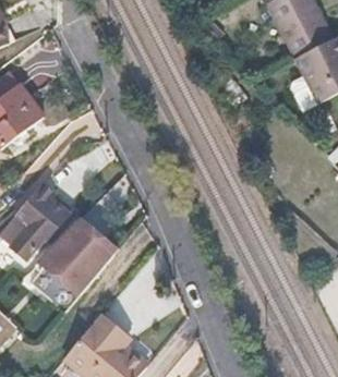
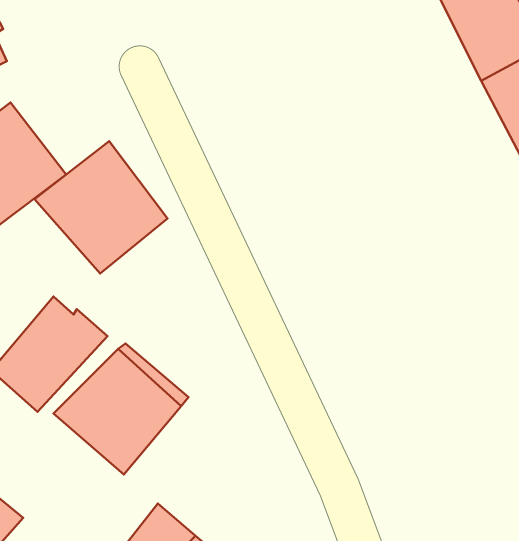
building: none -> [34,141,167,274]

